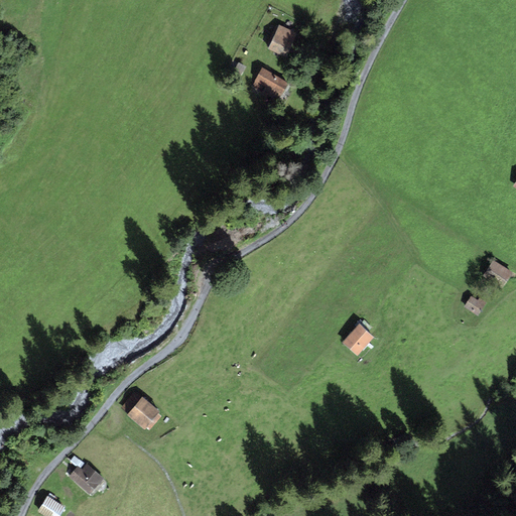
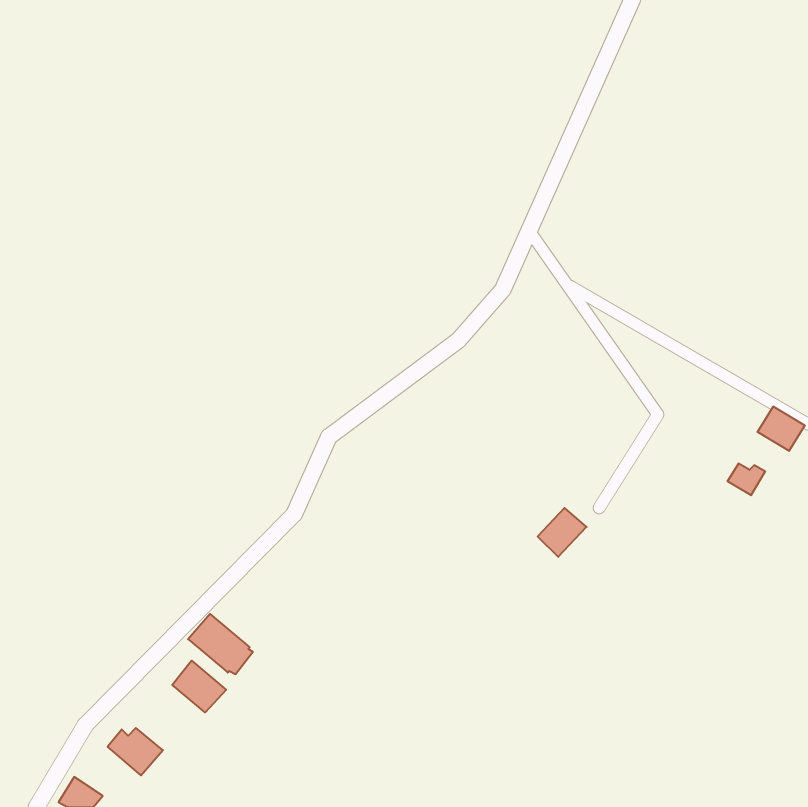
building: [268,24,296,56] -> none
building: [251,68,288,104] -> none
building: none -> [172,661,226,712]

